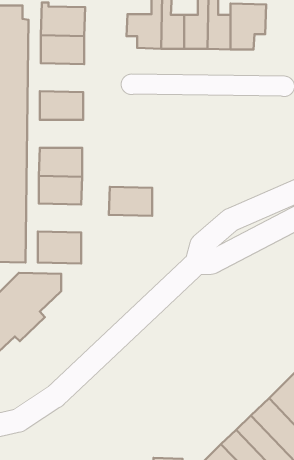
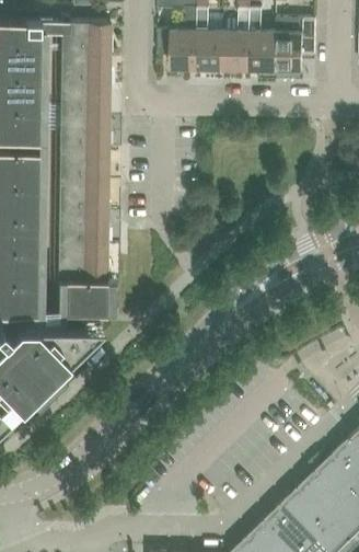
building: none -> [61,87,112,119]
building: none -> [61,151,111,183]
building: [109,187,152,216] -> [59,246,108,279]

